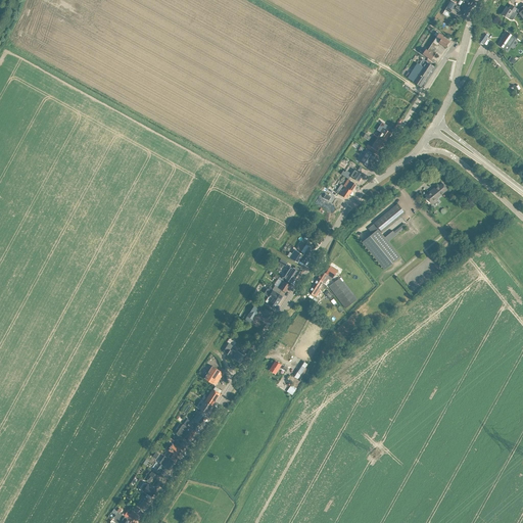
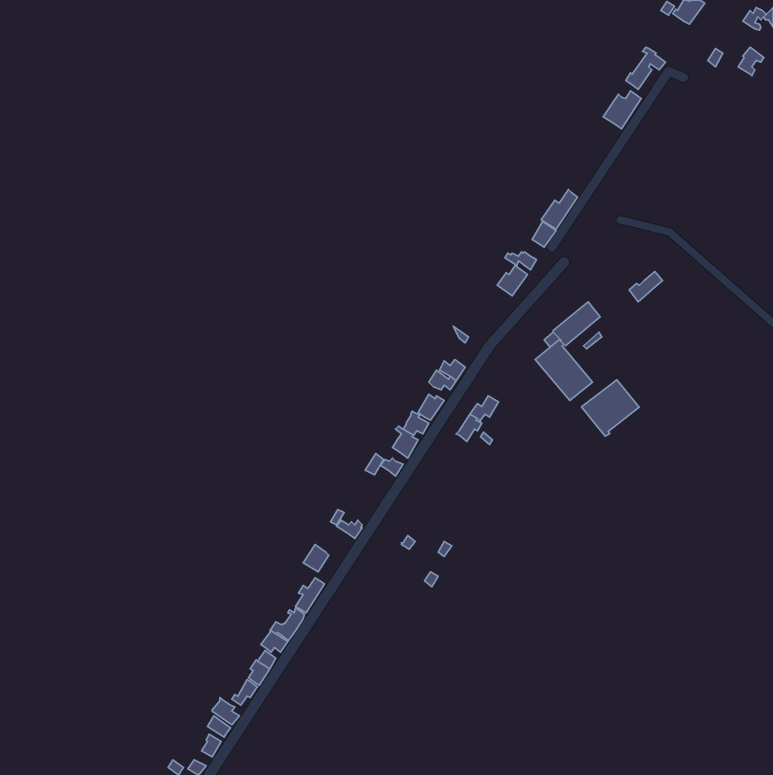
building: none -> [581,380,639,436]
building: [328,277,356,308] -> none

